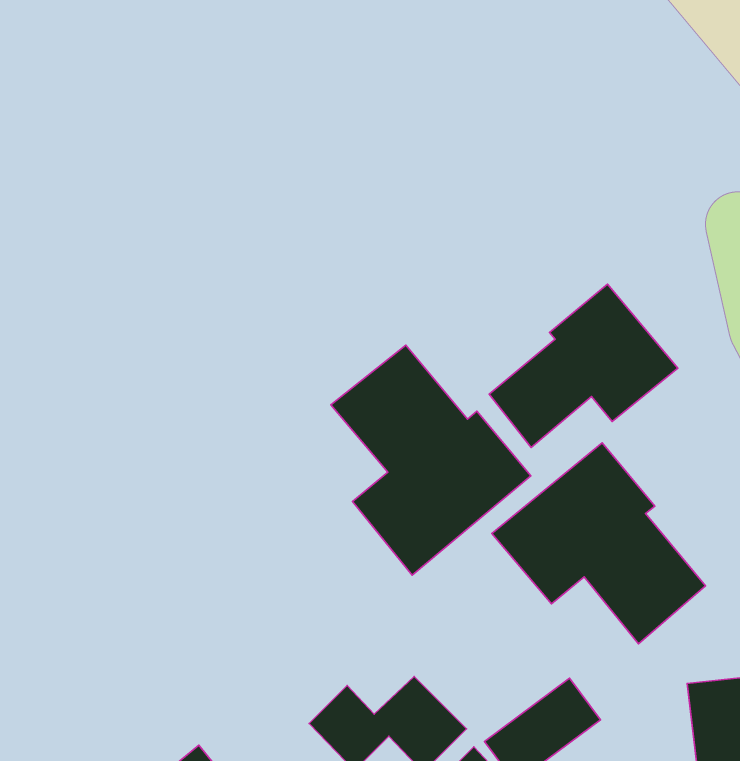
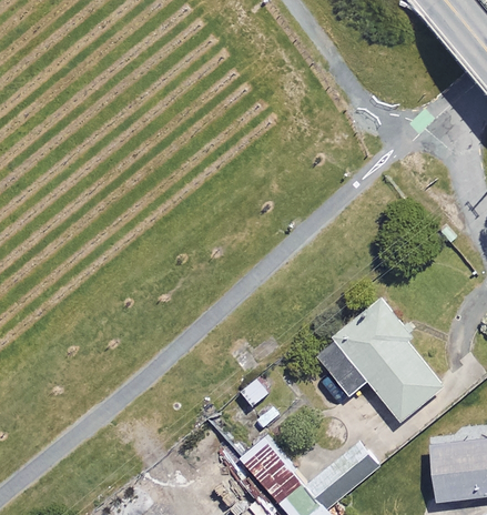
building: [489,284,678,448] -> none
building: [331,345,531,575] -> none

